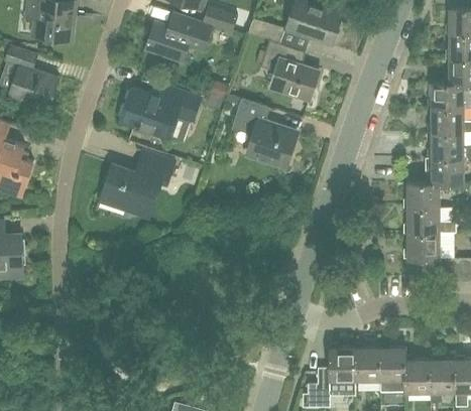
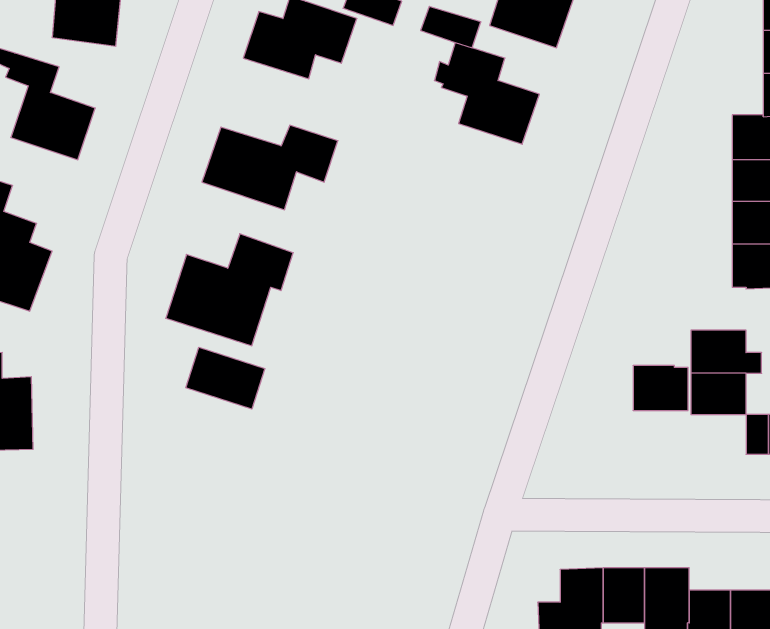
building: [224,95,297,165] -> none
building: [407,182,440,209] -> [633,366,688,410]
building: none -> [186,347,265,409]

